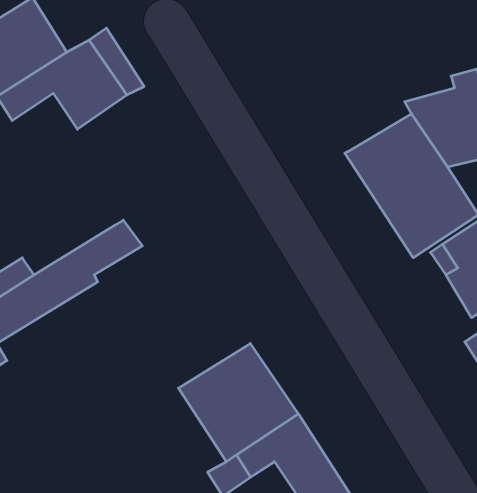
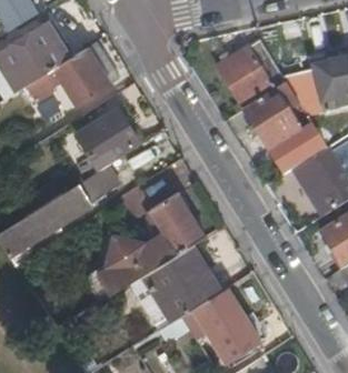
building: none -> [223,47,291,117]
building: none -> [74,101,137,164]
building: none -> [86,185,203,296]

